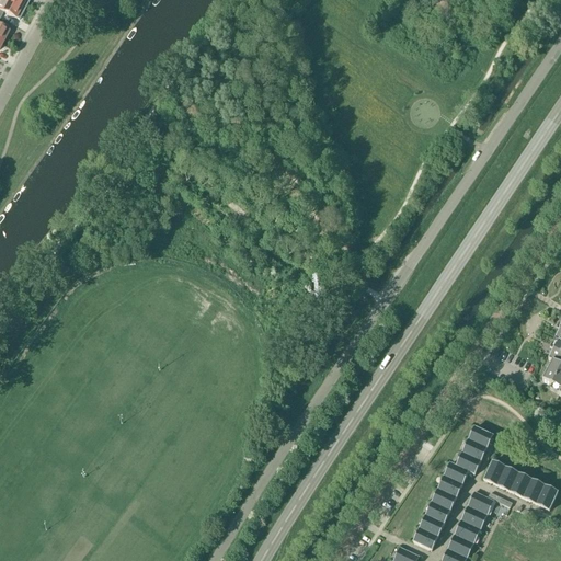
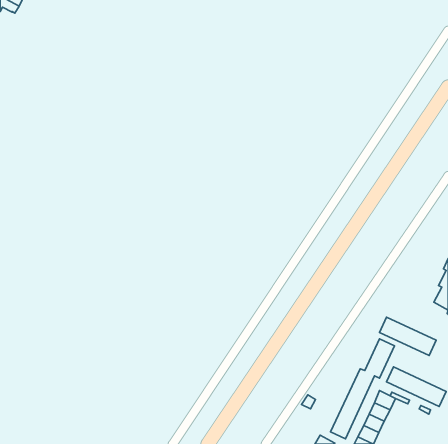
building: none -> [379,317,436,356]

